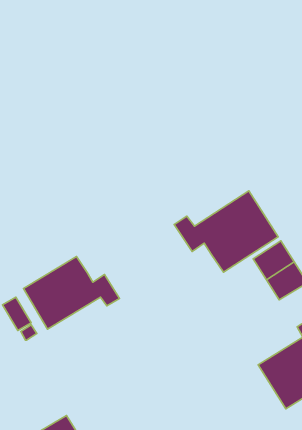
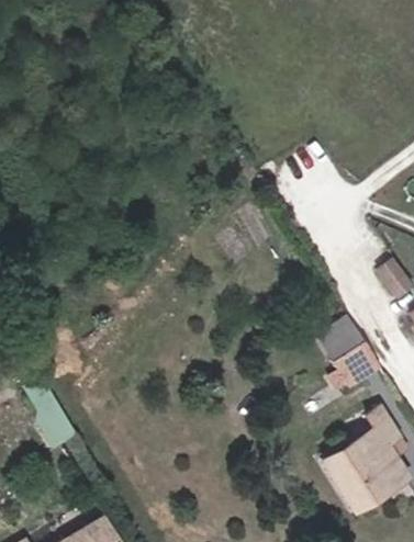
building: [174,191,278,272] -> none
building: [24,256,119,329] -> none

